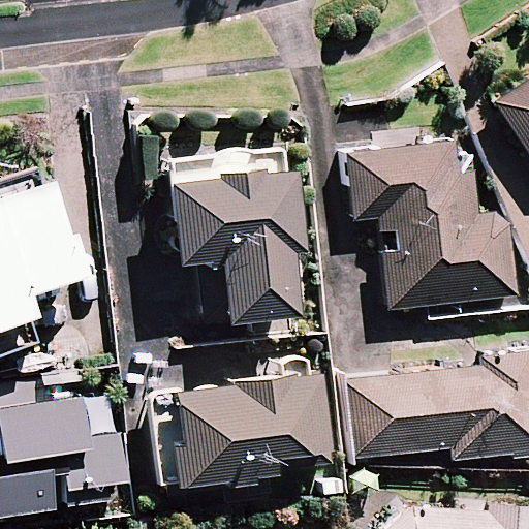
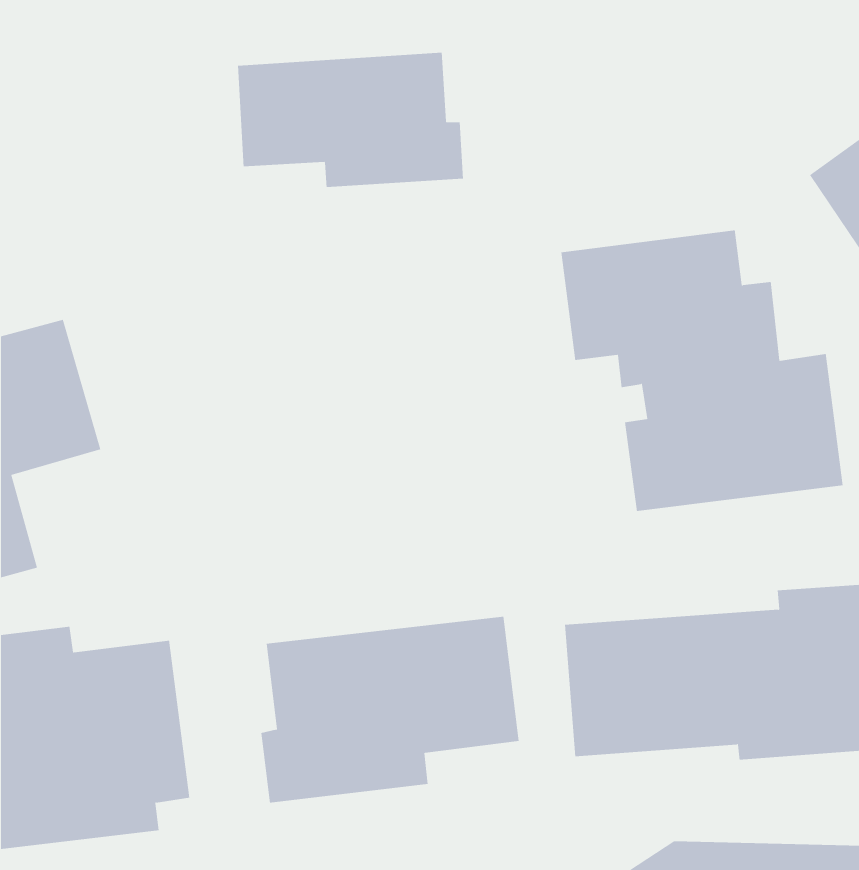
building: none -> [237,52,463,188]
building: [165,151,295,324] -> none

